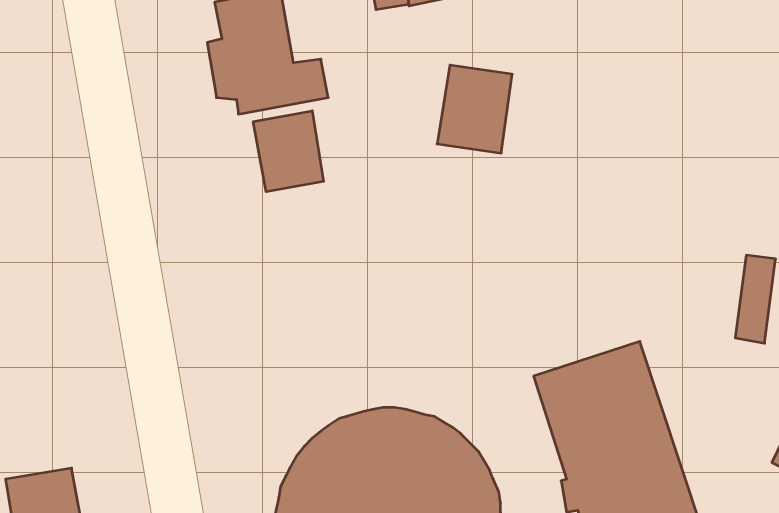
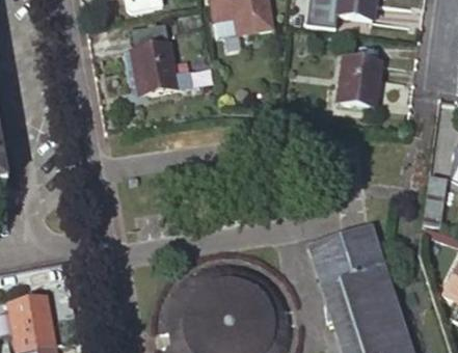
building: [437,65,512,153] -> [338,57,380,107]
building: [253,111,324,192] -> none

